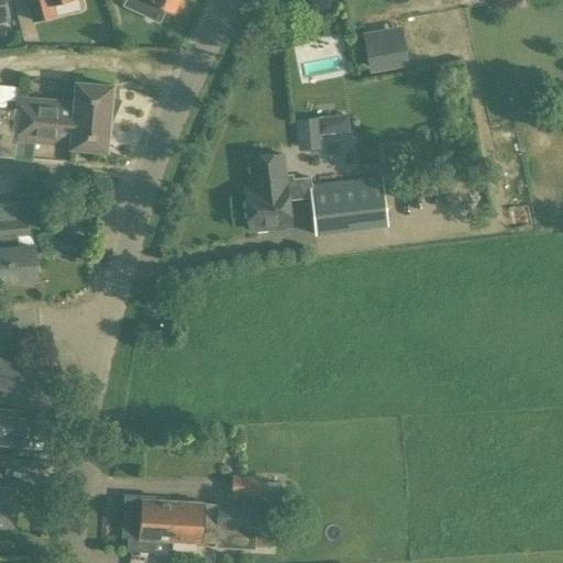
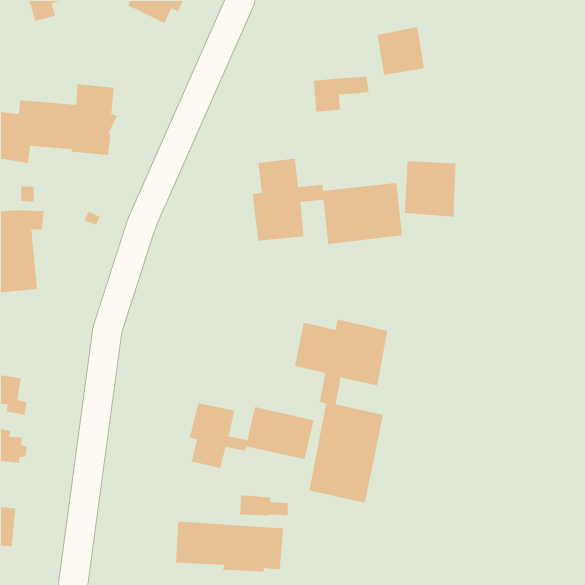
building: [295,115,349,151] -> [313,76,369,112]
building: none -> [404,160,457,217]
building: none -> [294,318,388,504]
building: none -> [189,403,315,469]
building: [126,498,170,553] -> none

